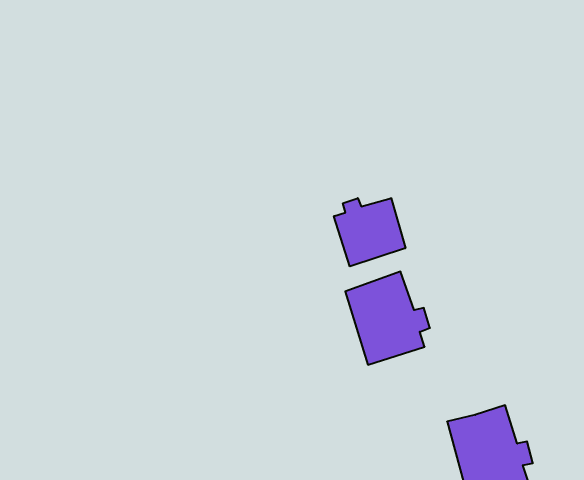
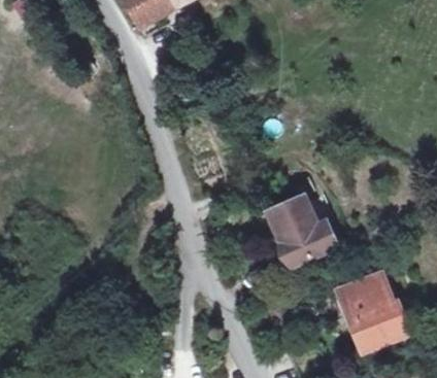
building: [334,198,405,266] -> none

